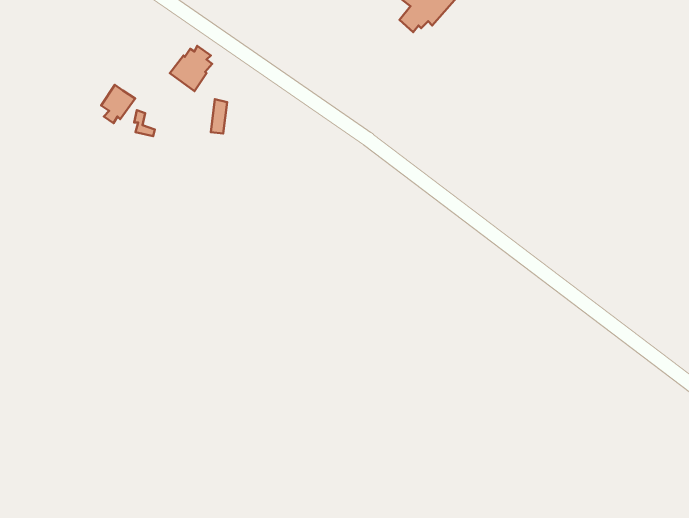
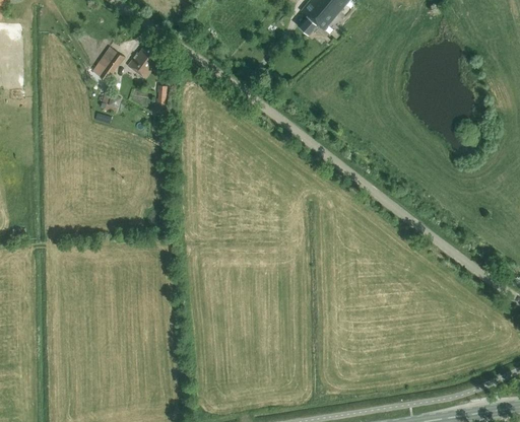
building: [101,85,135,123] -> [98,48,123,76]

